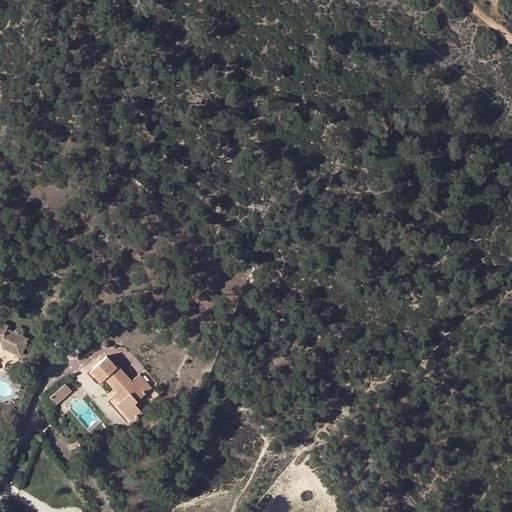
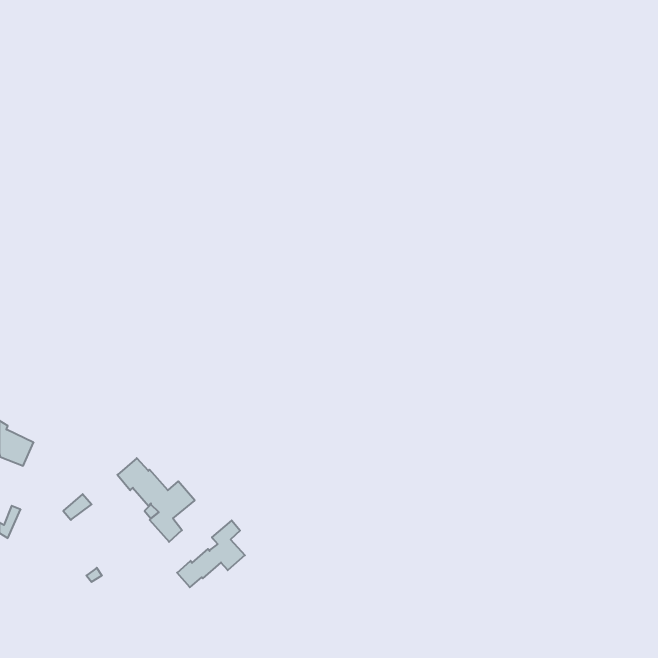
building: none -> [177,520,245,587]

